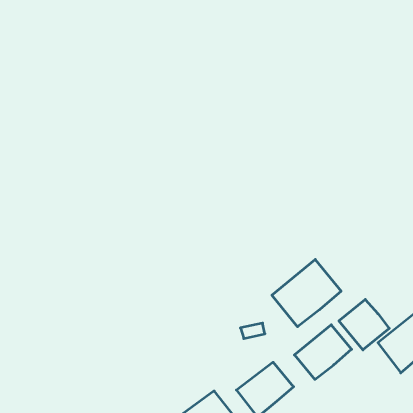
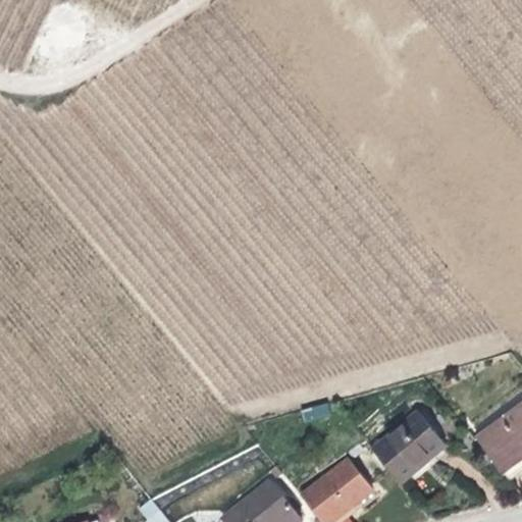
building: [272,259,341,327] -> none
building: [339,299,389,350] -> none

